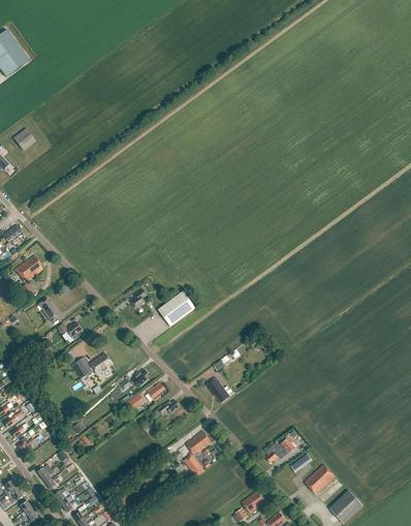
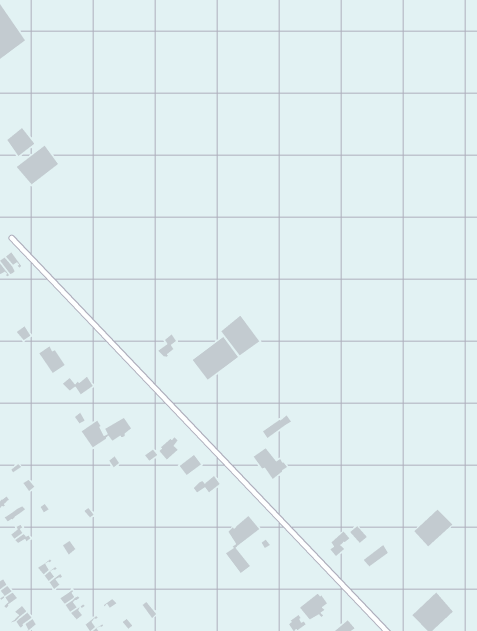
building: none -> [15,144,59,186]
building: [15,254,42,282] -> none
building: none -> [220,315,261,356]
building: [305,464,336,494] -> [414,509,453,547]

